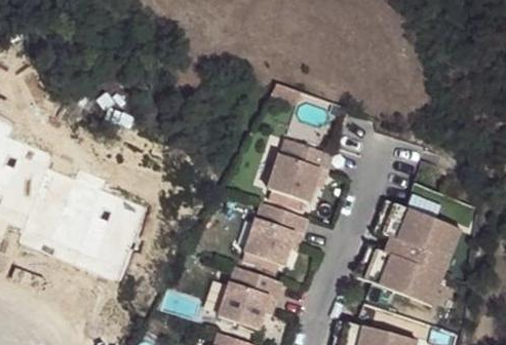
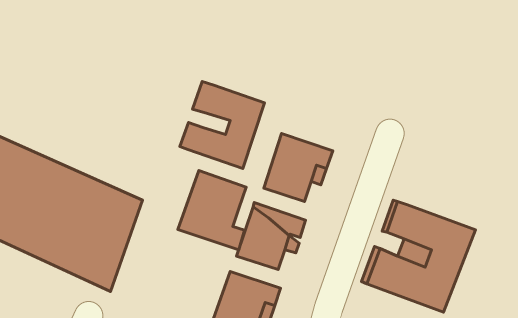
building: none -> [180,81,264,169]
building: none -> [178,170,246,250]

